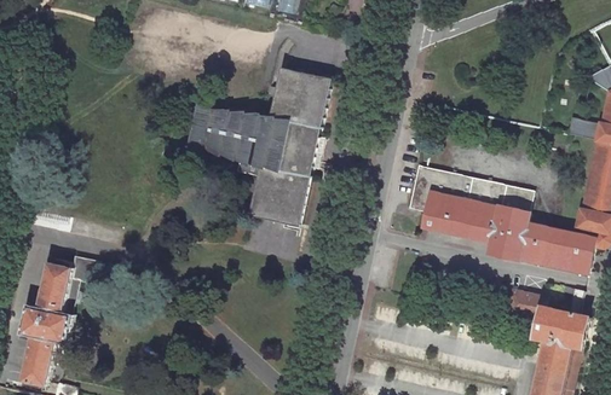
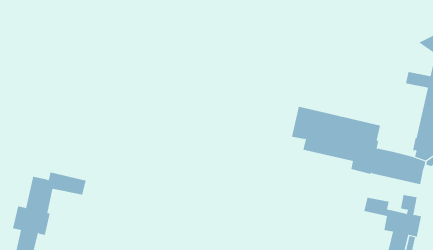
building: [192,65,332,223] -> none

